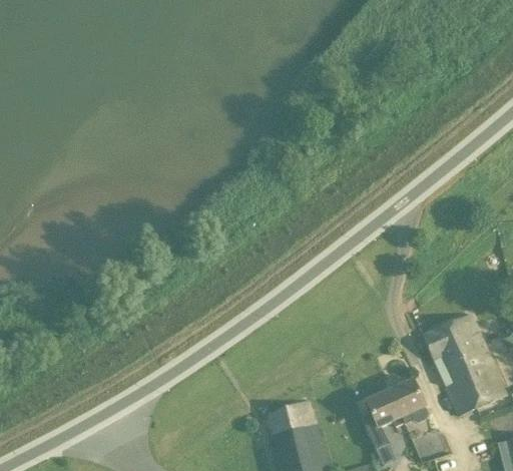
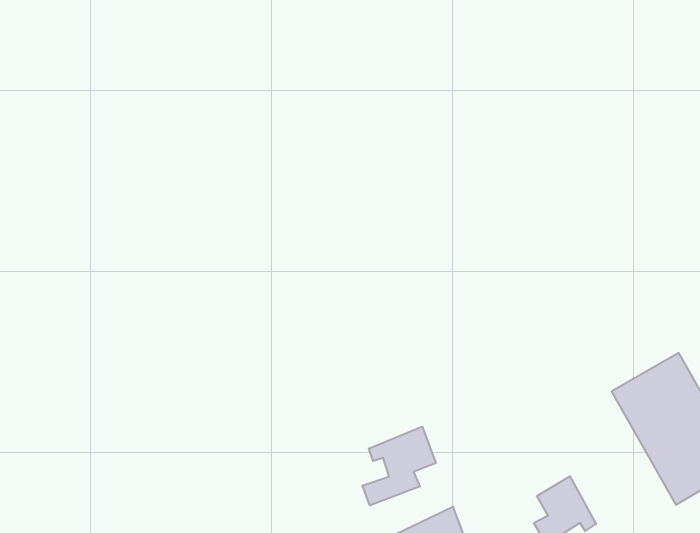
building: none -> [363,427,436,505]
building: [390,378,429,422] -> none

